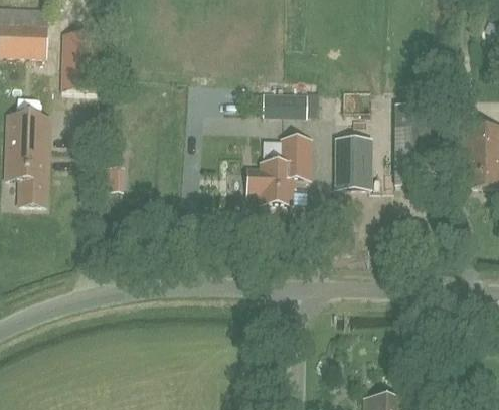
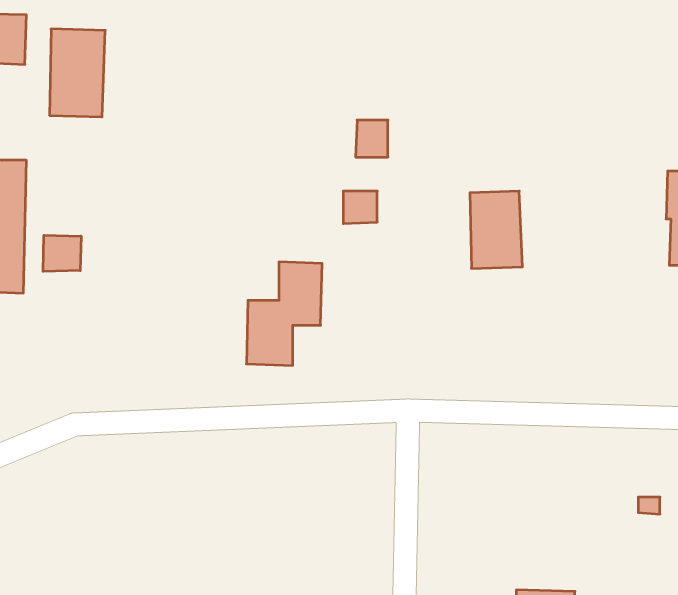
building: [283,91,307,116] -> none
building: [261,137,310,204] -> [246,262,322,365]
building: none -> [43,235,81,271]

